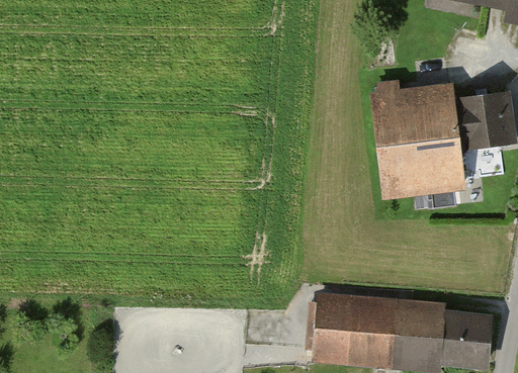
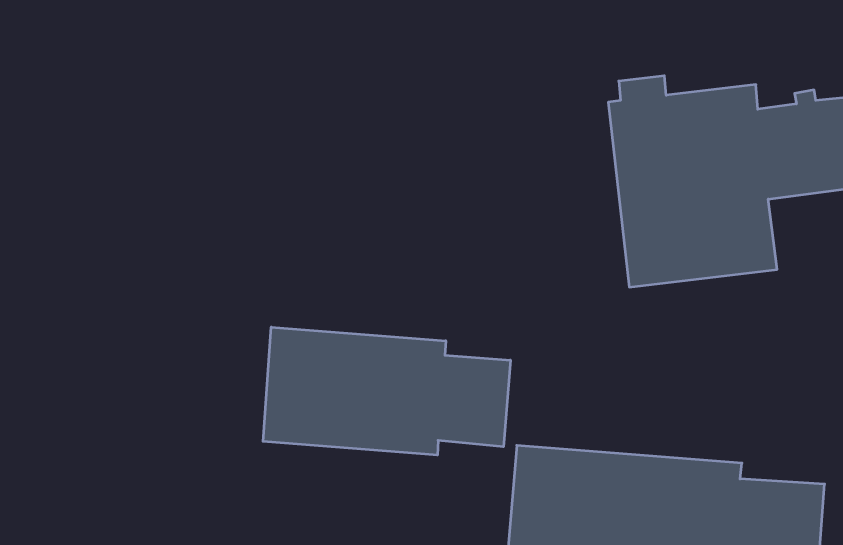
building: none -> [263,327,510,455]

